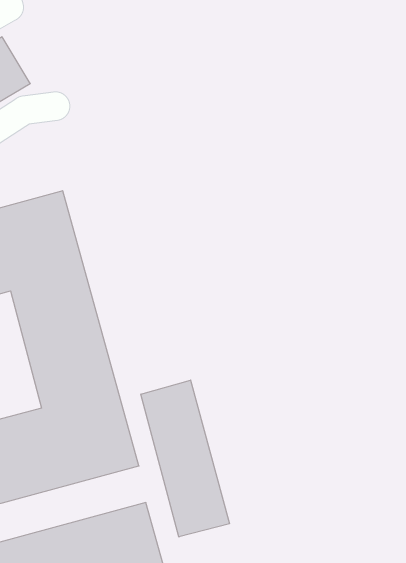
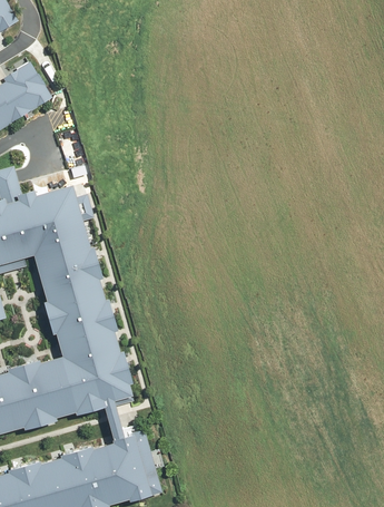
building: [141,380,229,537] -> none

